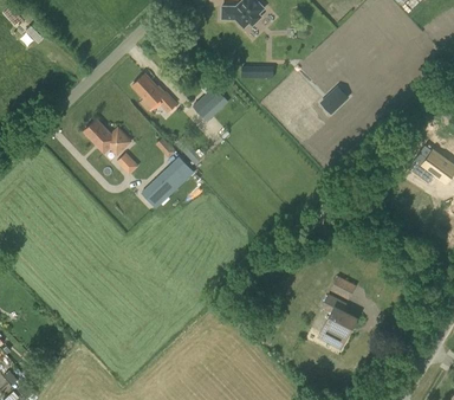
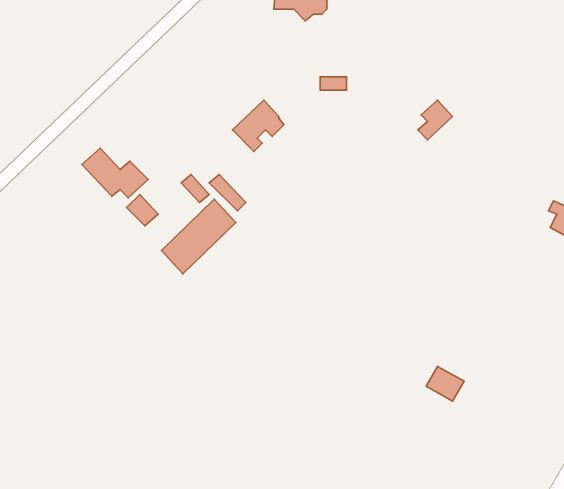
building: [132,73,176,111] -> none
building: [319,293,357,347] -> none

